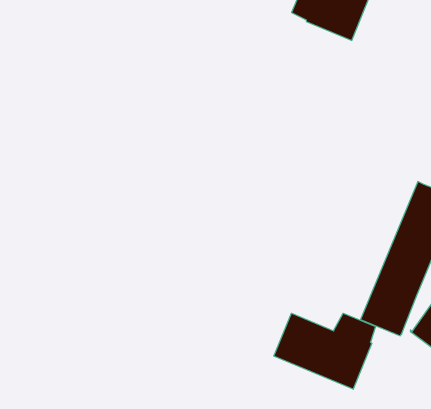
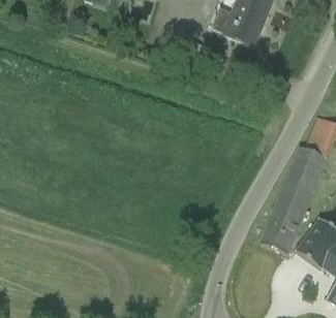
building: [274,313,375,389] -> none

